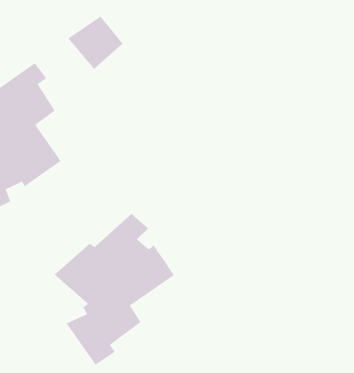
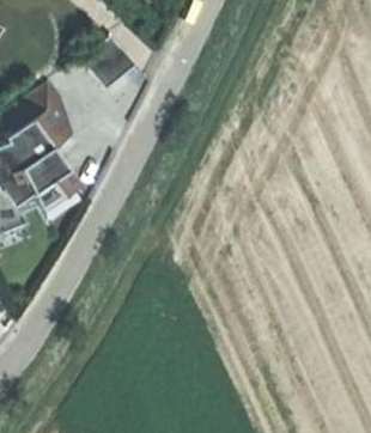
building: [53,213,175,365] -> none

